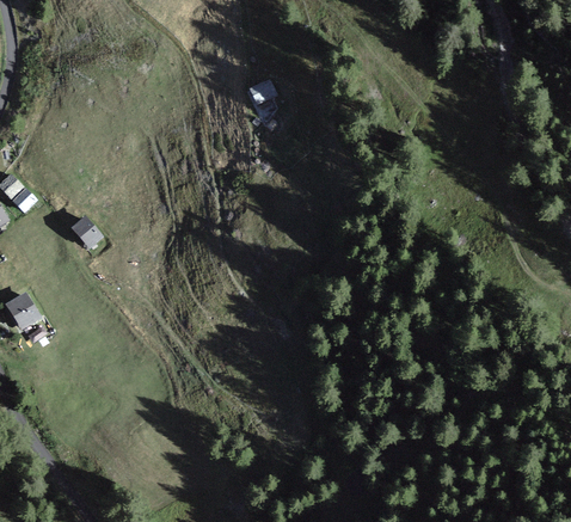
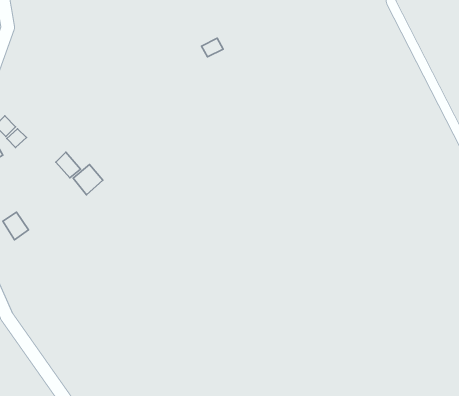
building: none -> [73,165,103,195]

